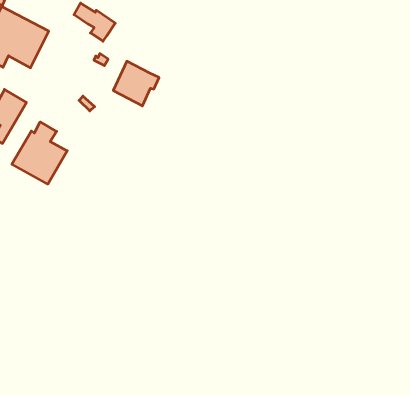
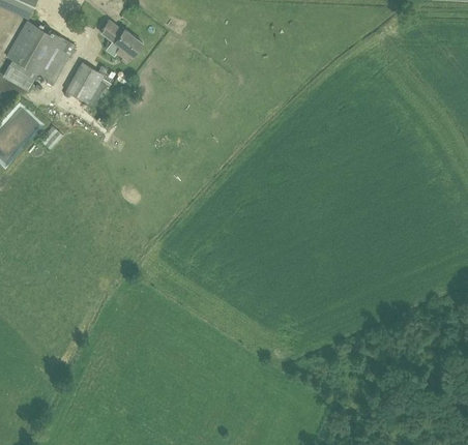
building: [113,61,159,106] -> [64,60,112,107]
building: [12,122,67,184] -> none

